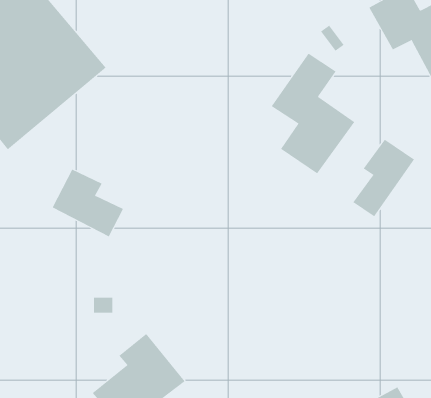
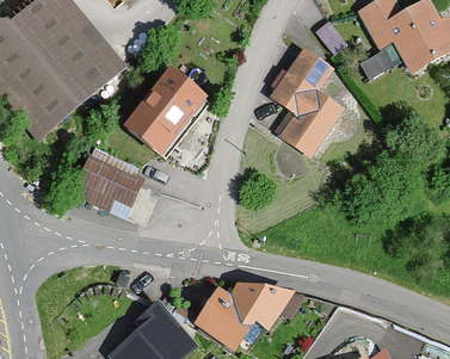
building: none -> [127,72,209,156]
building: [352,139,415,217] -> none
building: none -> [195,283,292,352]

